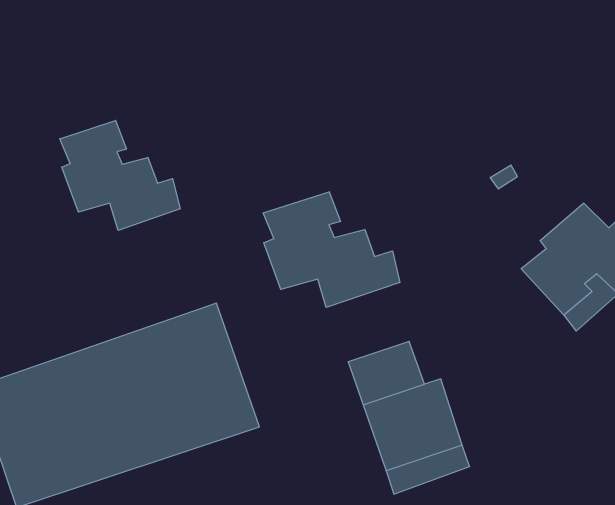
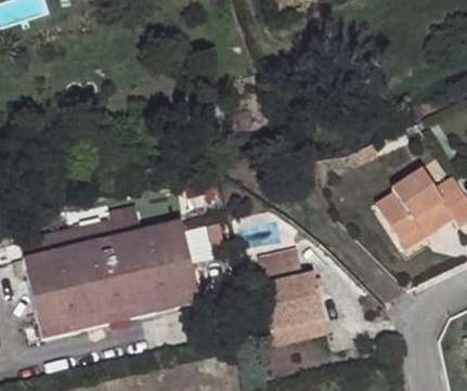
building: [60,120,180,230] -> none
building: [263,192,400,307] -> none

